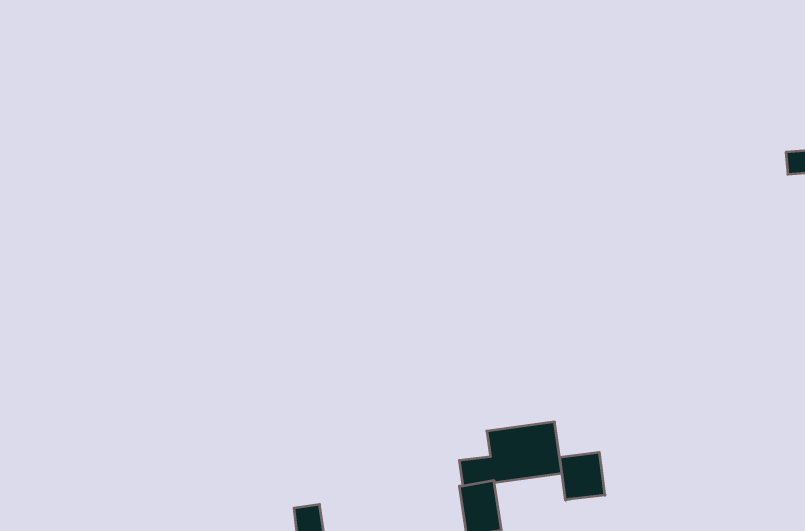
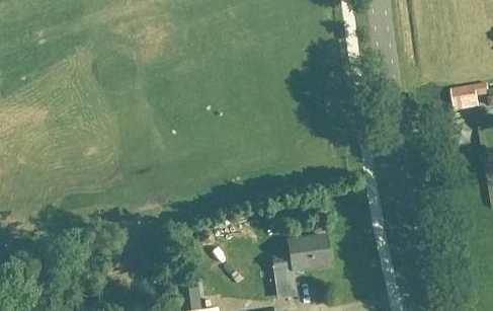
building: [560,452,605,500] -> none

